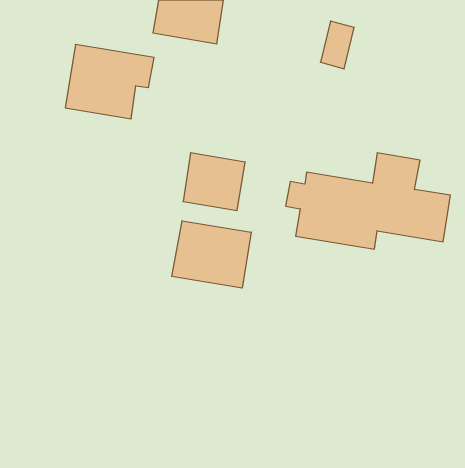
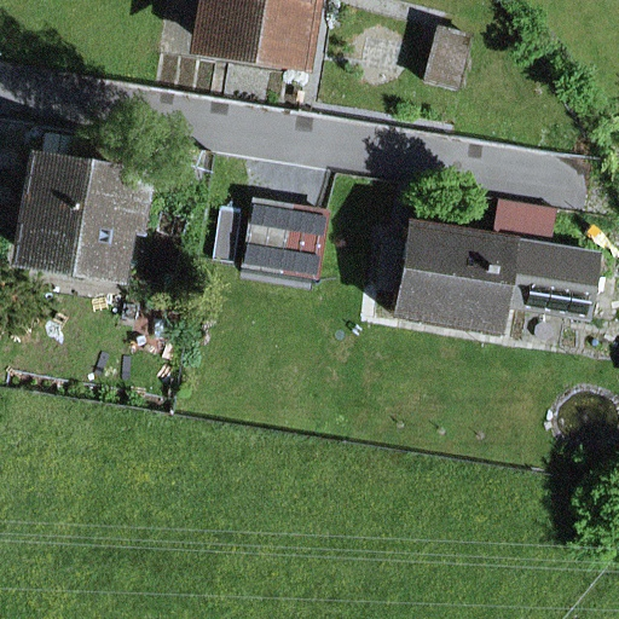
building: [65,45,154,119] -> [25,168,143,266]
building: [172,221,251,288] -> none

